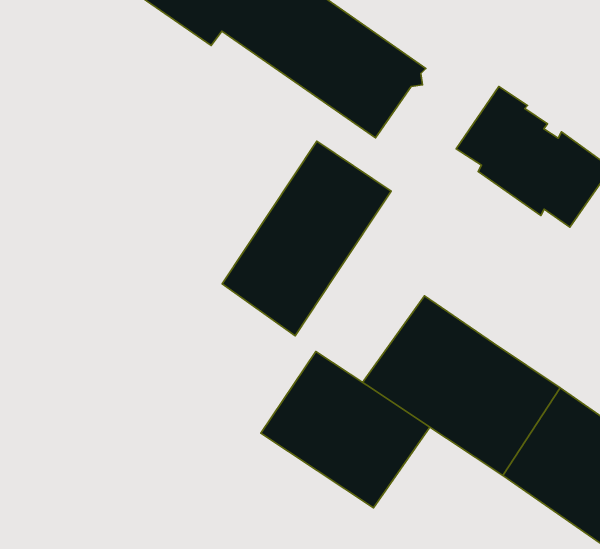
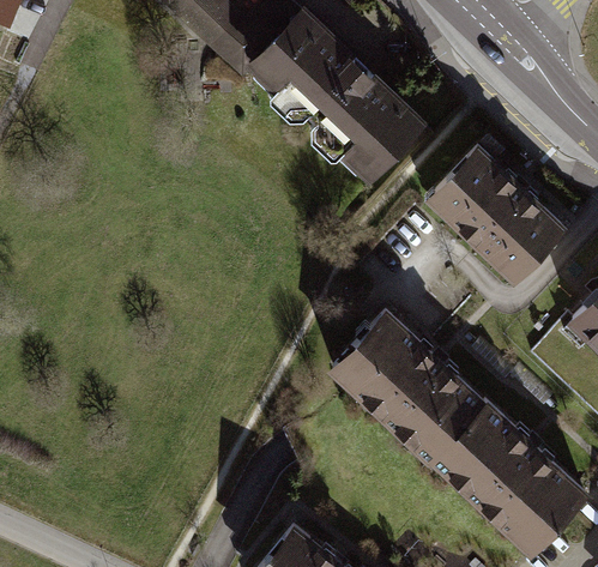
building: [222,141,391,336] -> none
building: [261,351,430,508] -> none

